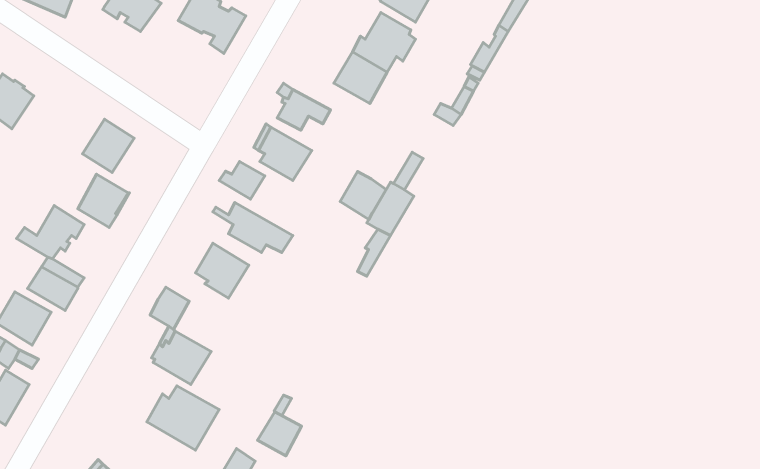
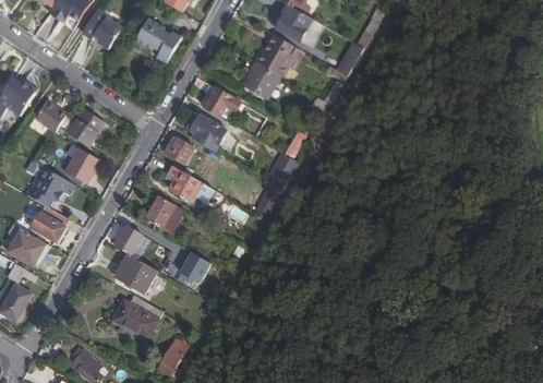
building: none -> [35,101,67,132]
building: [340,171,386,219] -> none
building: [258,412,302,456] -> [179,253,209,284]

